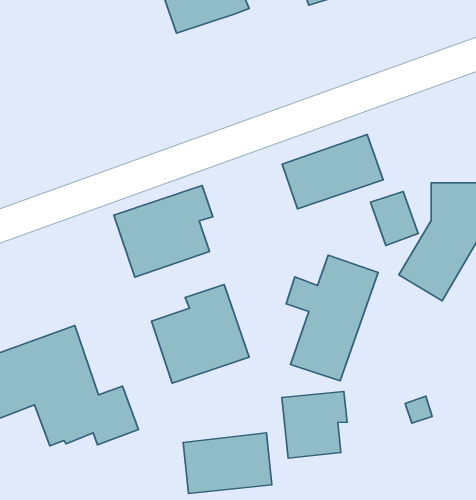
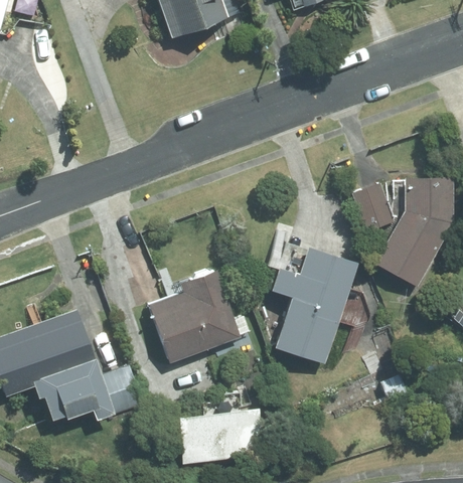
building: [282,134,383,209] -> none
building: [114,185,213,277] -> none
building: [282,391,347,458] -> none

